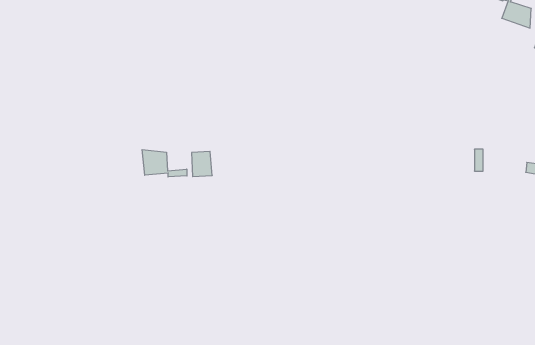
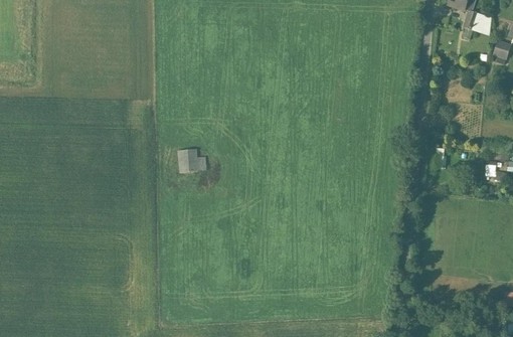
building: [142,150,187,177] -> none

